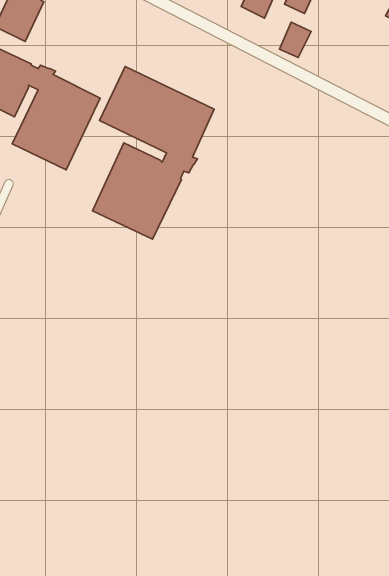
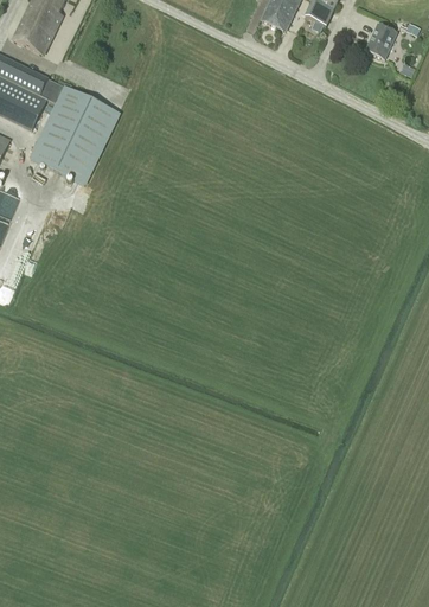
building: [280,22,311,57] -> [365,23,397,58]
building: [92,66,214,239] -> none

